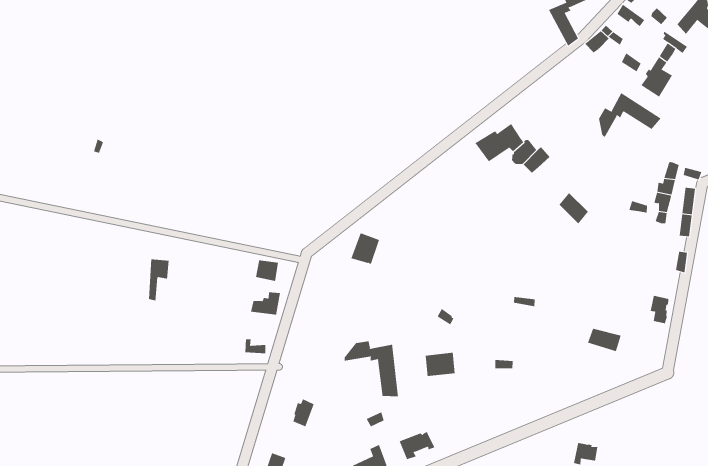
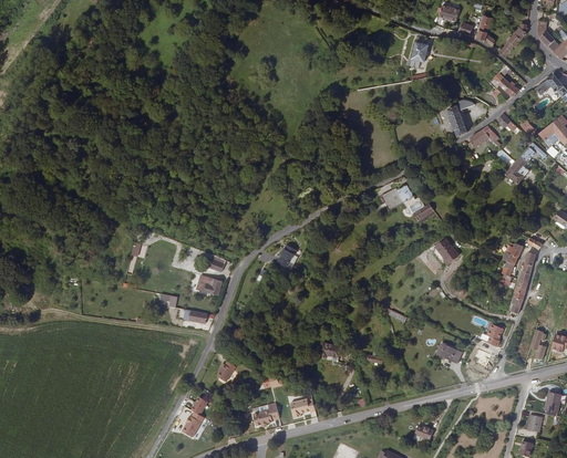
building: [599,92,661,138] -> none
building: [344,340,398,397] -> none

